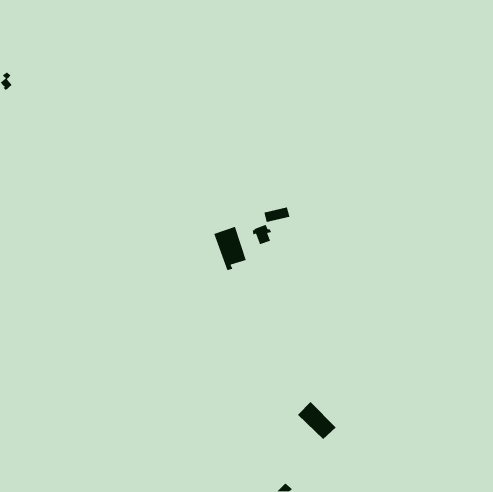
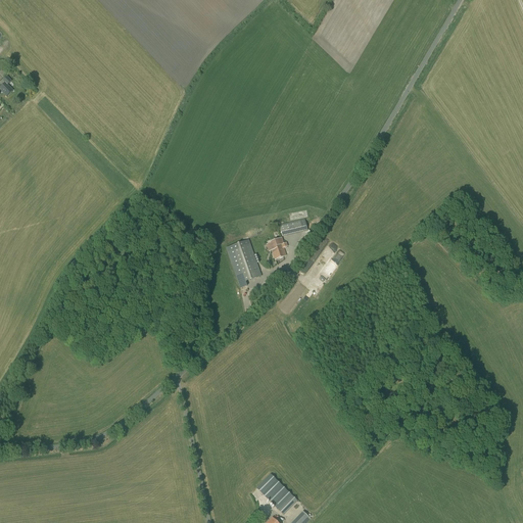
building: [297,401,337,440] -> [255,473,297,514]

